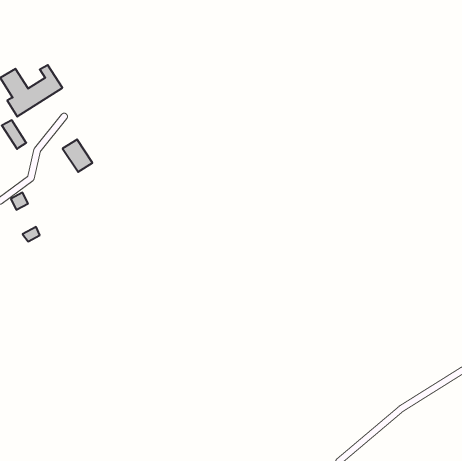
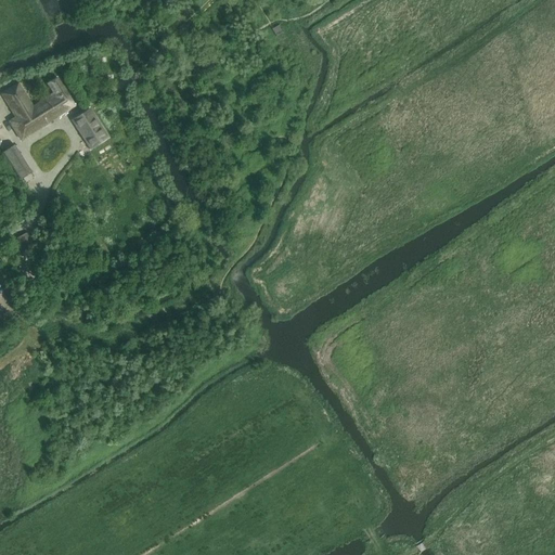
building: [63,139,92,172] -> [72,108,107,147]

